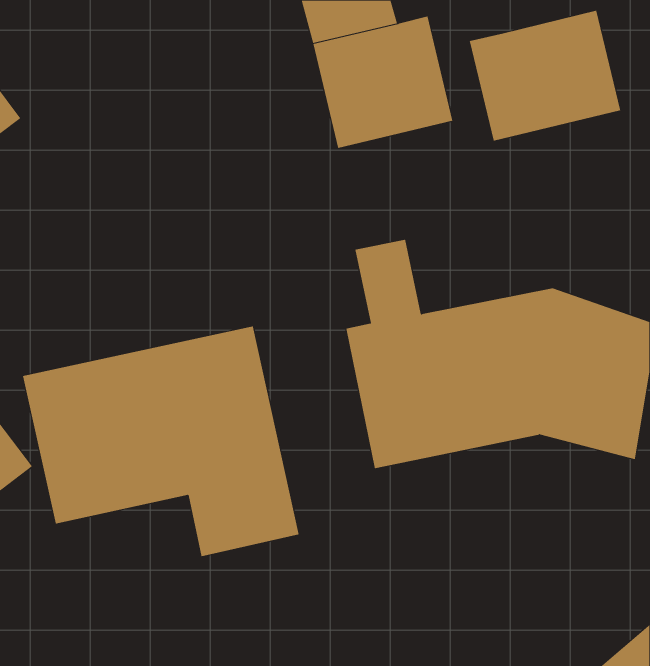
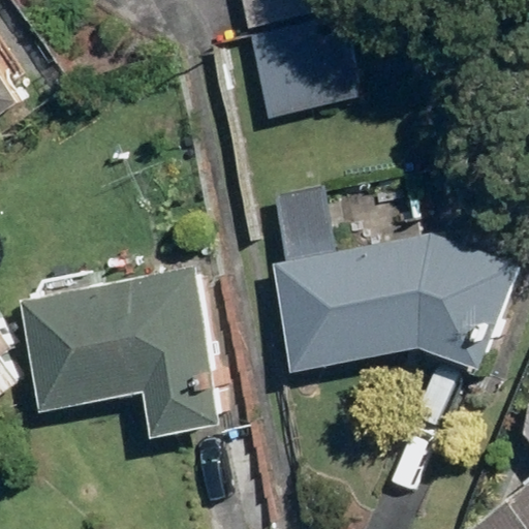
building: [469,10,621,141] -> none

